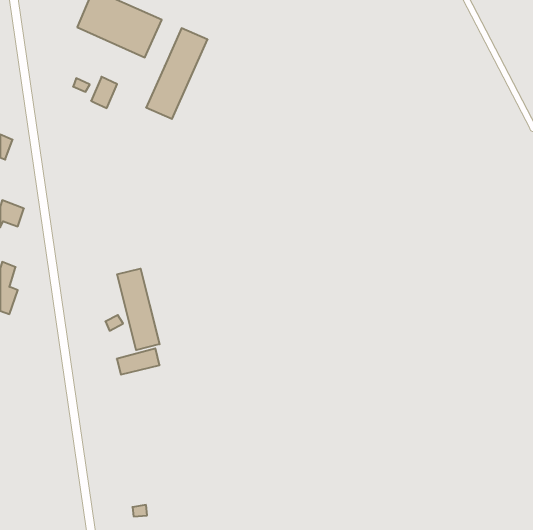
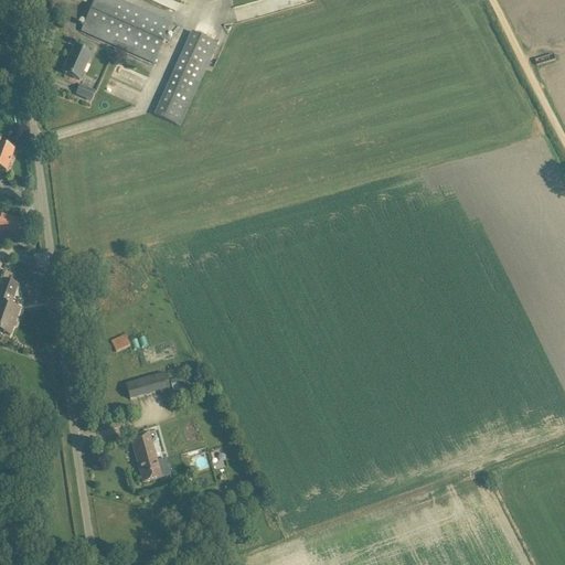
building: [91,77,117,108] -> [63,44,90,77]
building: [117,269,160,350] -> none
building: none -> [129,429,162,480]

